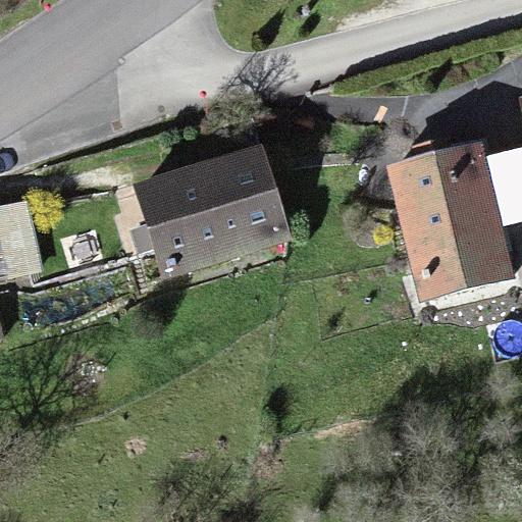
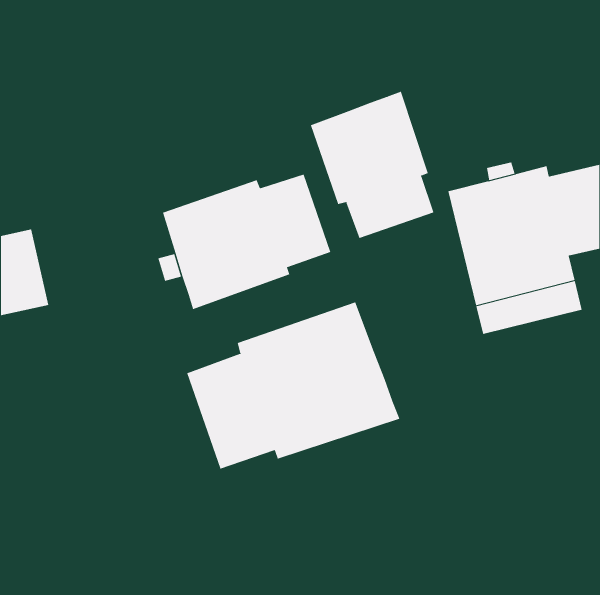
building: none -> [310,91,434,239]
building: none -> [186,302,400,469]

